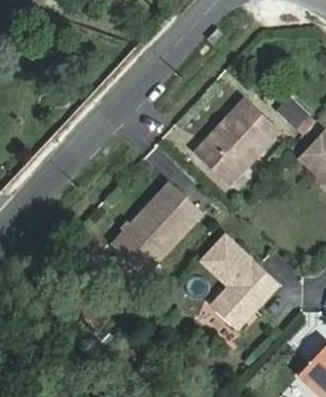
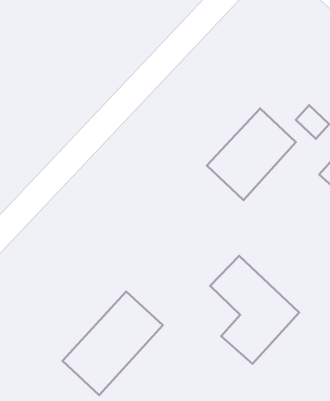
building: [111,181,202,275] -> [63,292,163,395]

